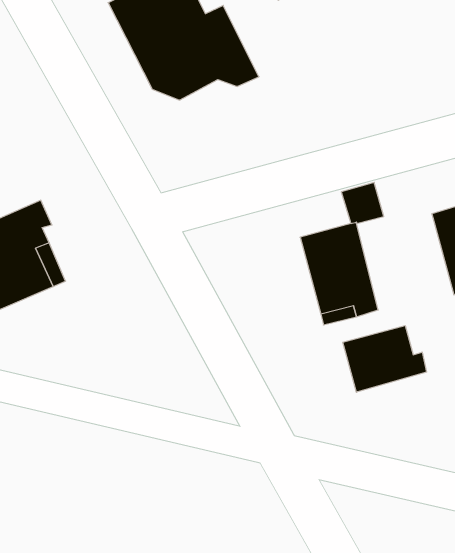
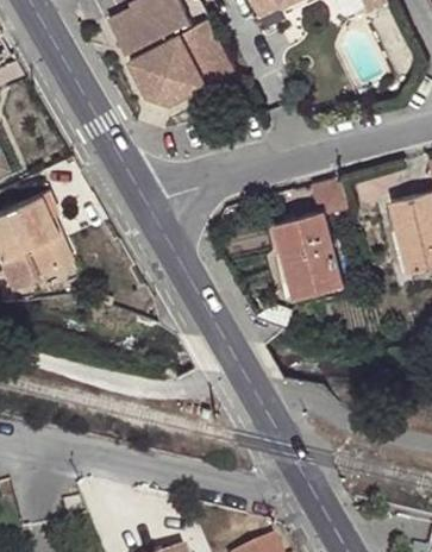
building: [343,326,427,392] -> none

